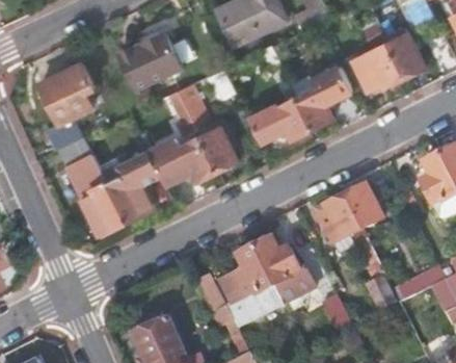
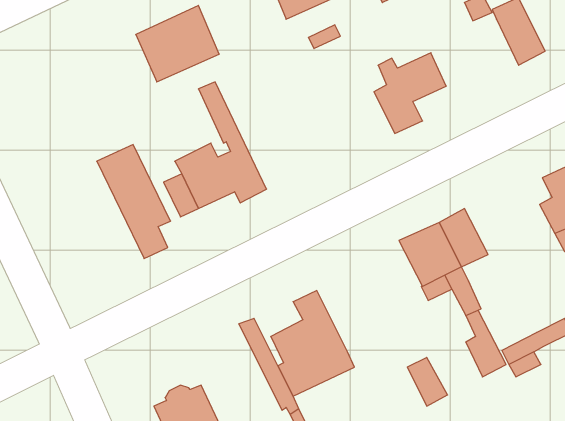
building: [354,42,405,87] -> none
building: [42,62,95,121] -> none
building: [179,82,238,168] -> none
building: [250,96,313,139] -> none
building: [57,133,126,233] -> none
building: [254,236,315,302] -> none

